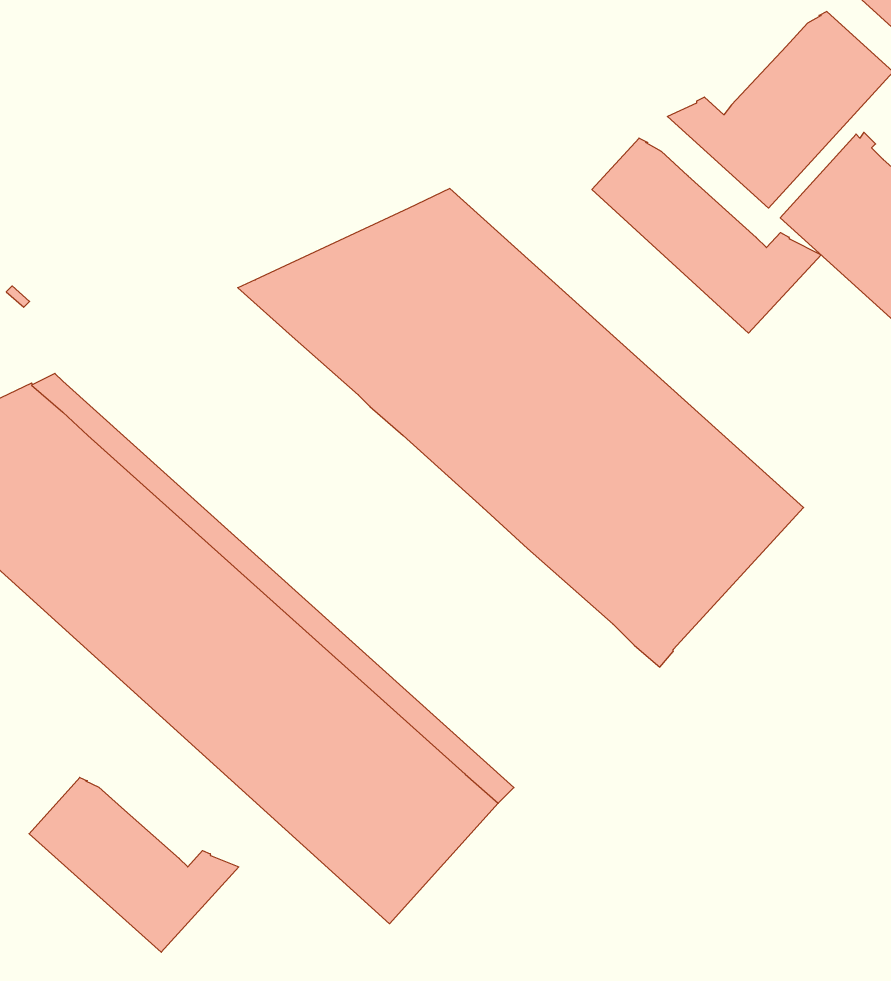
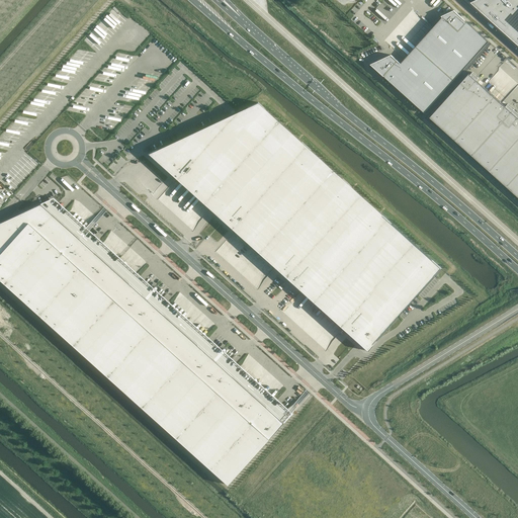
building: [592,138,821,333] -> none
building: [29,777,239,952] -> none

